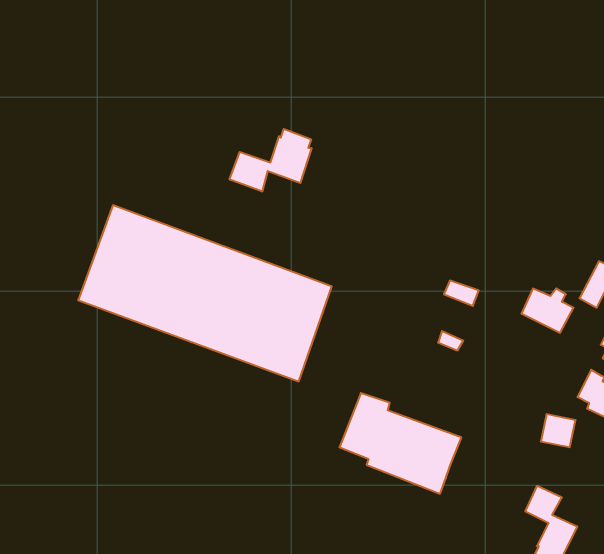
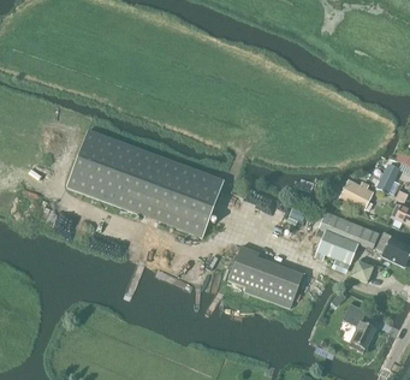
building: [230,129,312,192] -> none
building: none -> [316,210,380,271]

